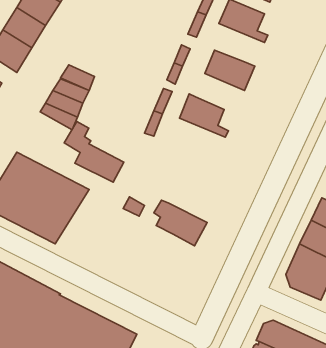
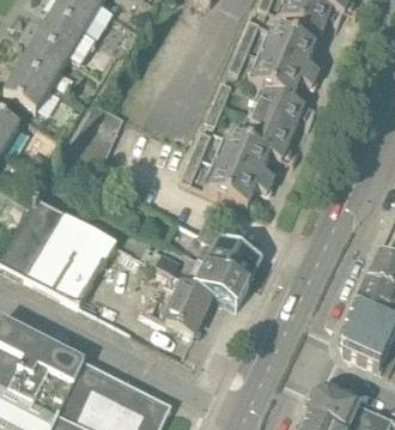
building: none -> [250,55,314,98]
building: none -> [236,111,291,158]
building: none -> [206,162,269,206]
building: [64,122,124,182] -> [194,211,261,279]
building: none -> [162,272,211,331]

